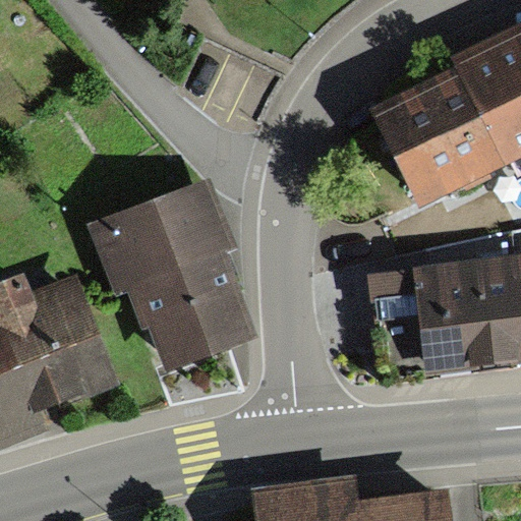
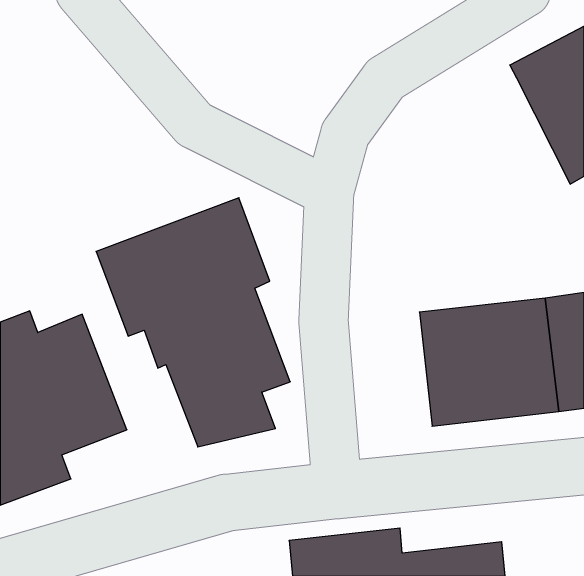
building: [372,69,508,211] -> none

